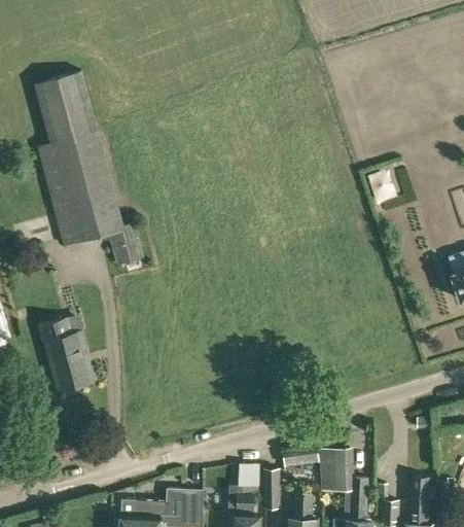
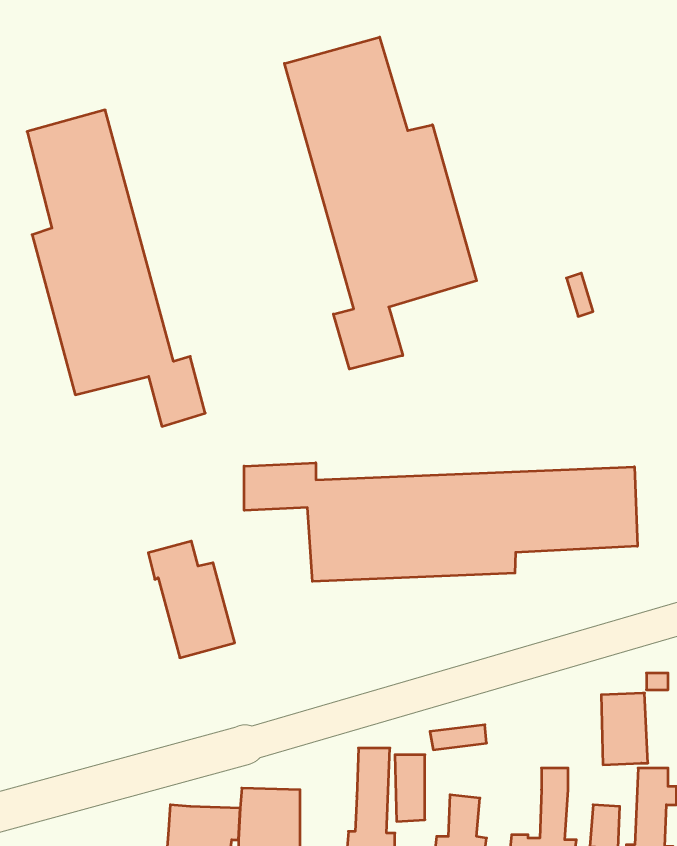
building: none -> [284,37,477,369]
building: none -> [244,463,637,581]
building: [40,319,94,391] -> [148,541,235,658]
building: [320,449,349,493] -> [601,693,648,765]

